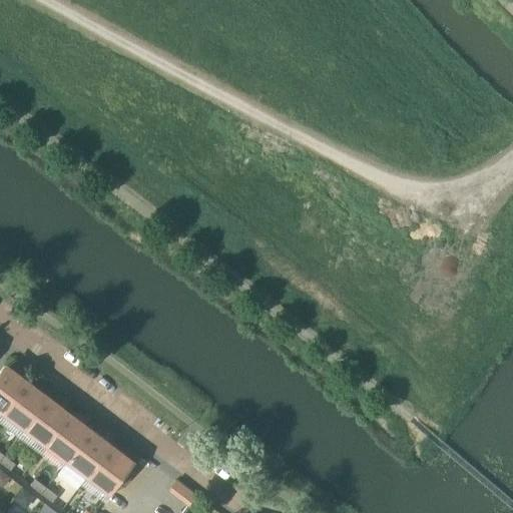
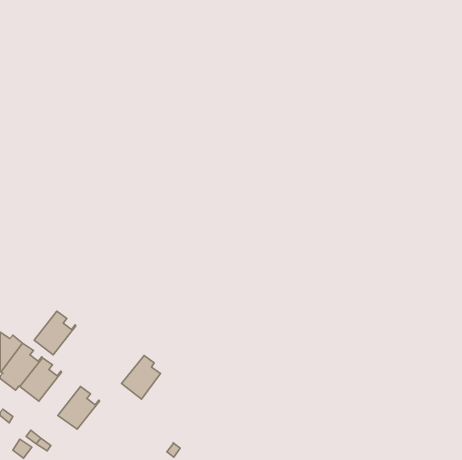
building: [44,412,90,460] -> [34,311,76,355]
building: [86,444,129,492] -> [122,356,161,399]

